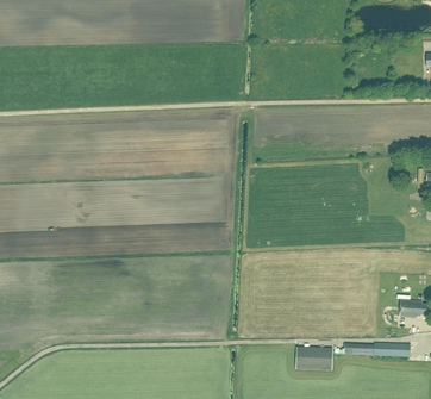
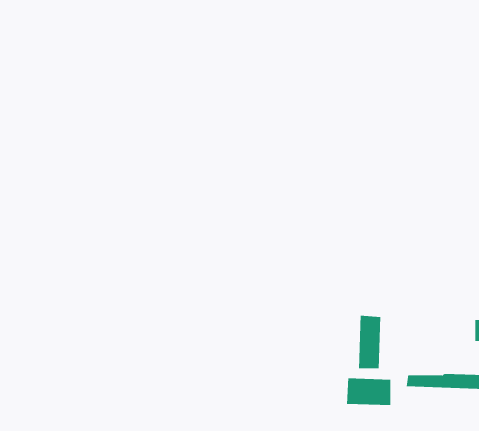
building: none -> [358,315,381,369]

